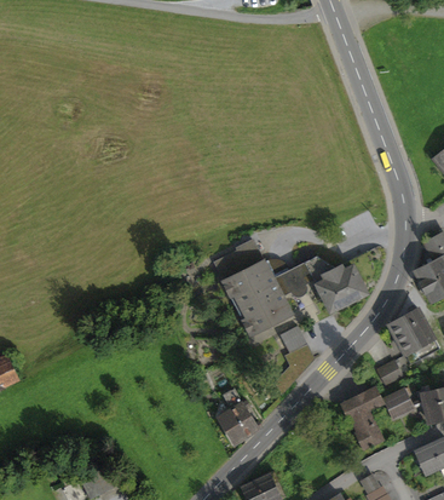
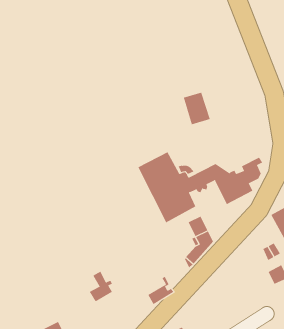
building: none -> [183,92,211,125]
building: [218,389,249,430] -> [89,271,113,302]
building: [342,389,381,447] -> none

